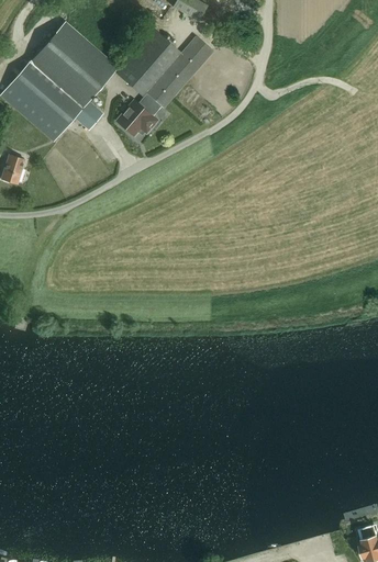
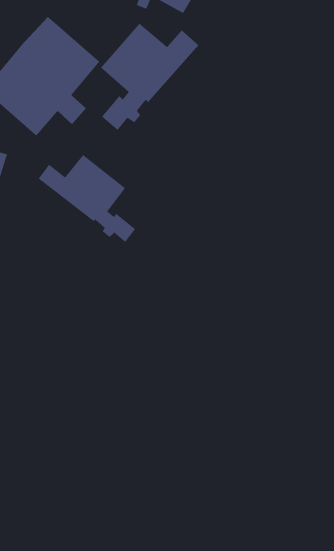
building: none -> [38,154,136,243]

